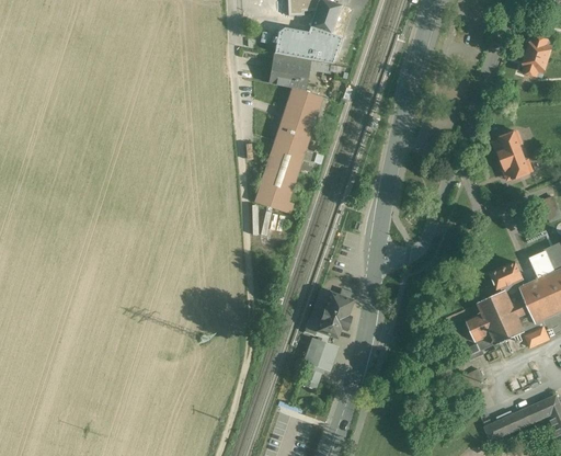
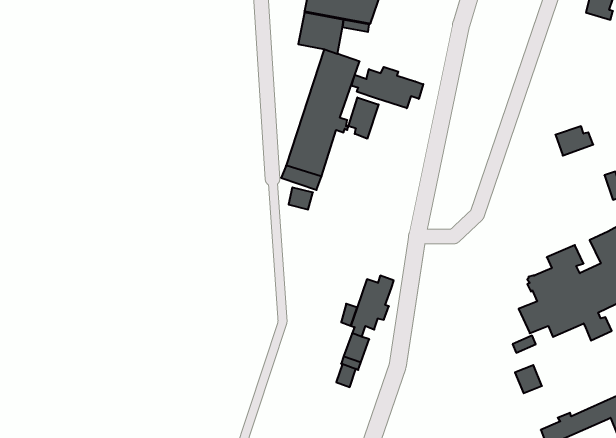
building: [520,53,548,77] -> none
building: none -> [351,67,423,108]
building: none -> [348,97,379,139]
building: [491,133,522,162] -> none

